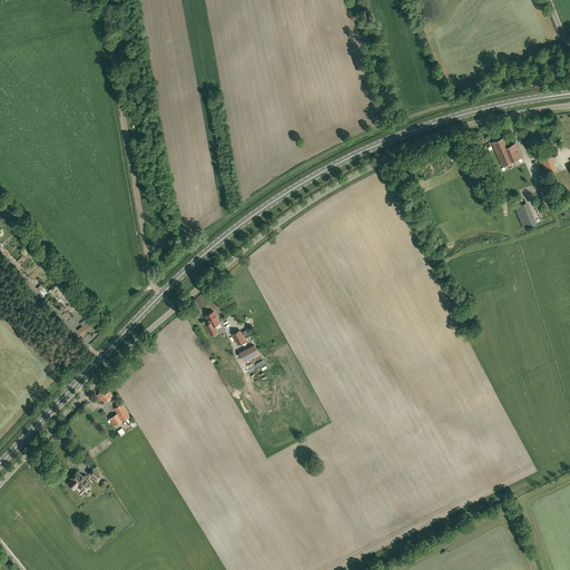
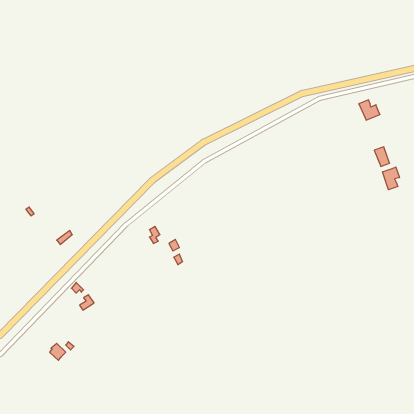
building: none -> [383,167,399,190]

